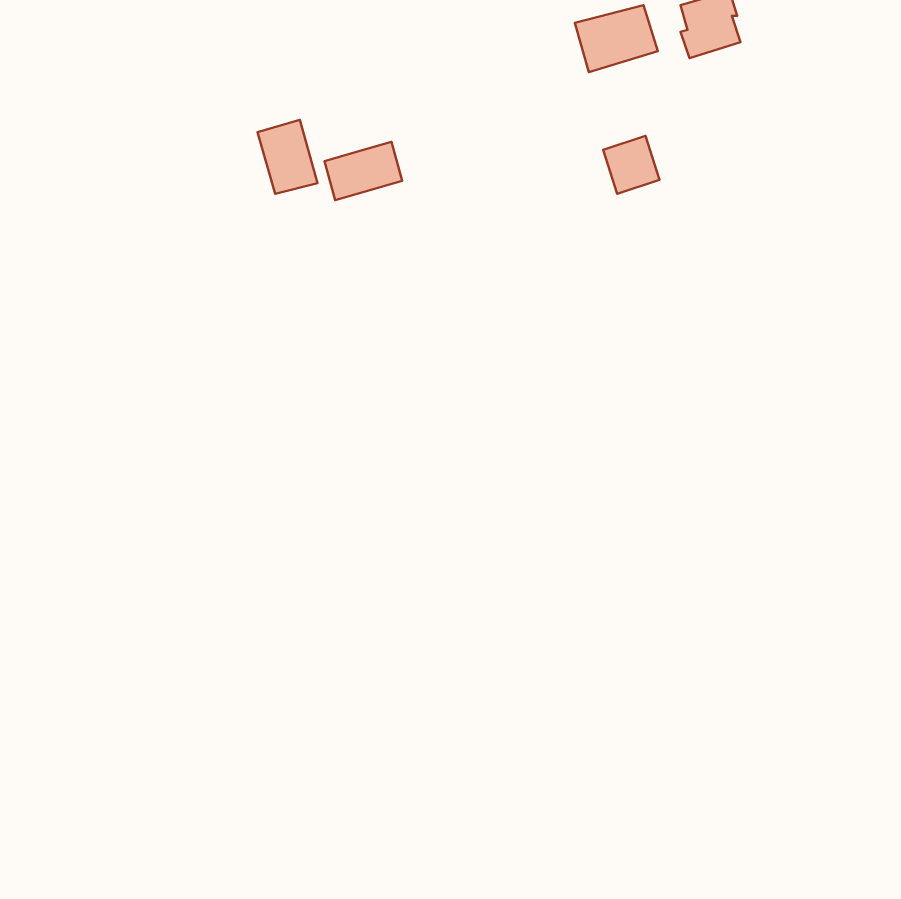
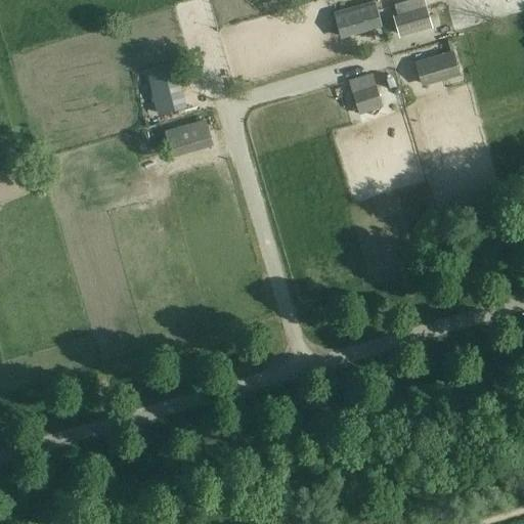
building: none -> [416,52,460,86]
building: [325,142,402,200] -> [166,120,211,154]

